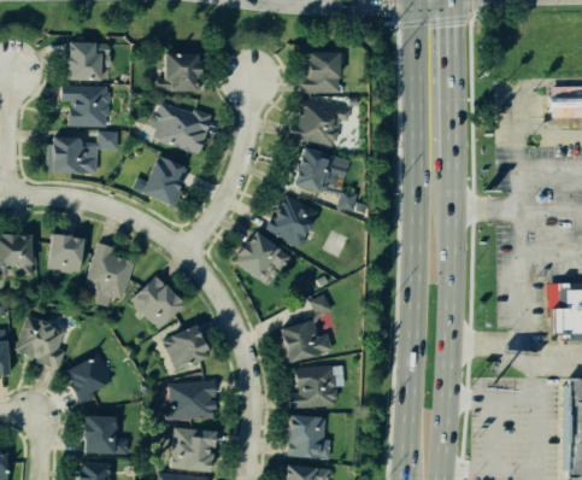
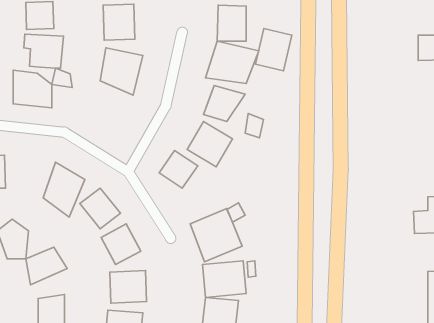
building: none -> [256,28,292,71]
building: [141,151,187,210] -> none
building: [41,233,83,274] -> none

